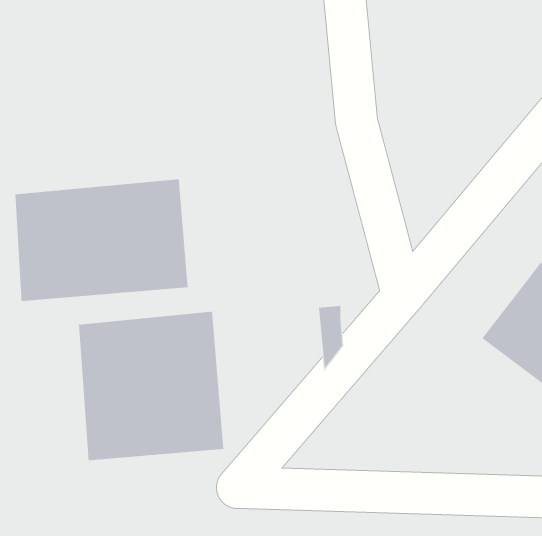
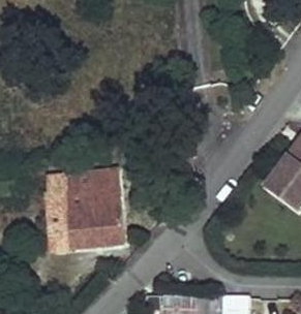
building: [15,179,188,302] -> none

